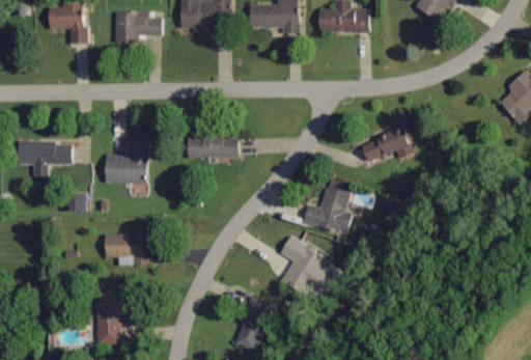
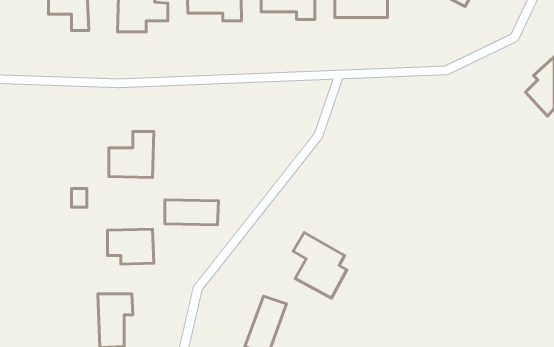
building: [363,128,415,160] -> none
building: [190,134,241,158] -> [165,200,219,225]
building: [21,141,73,176] -> none
building: [304,176,353,231] -> none

